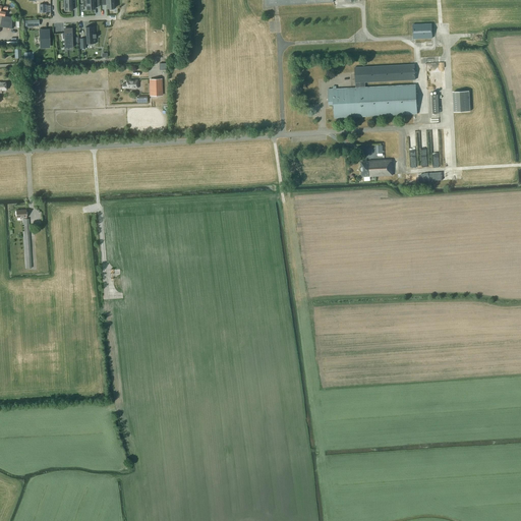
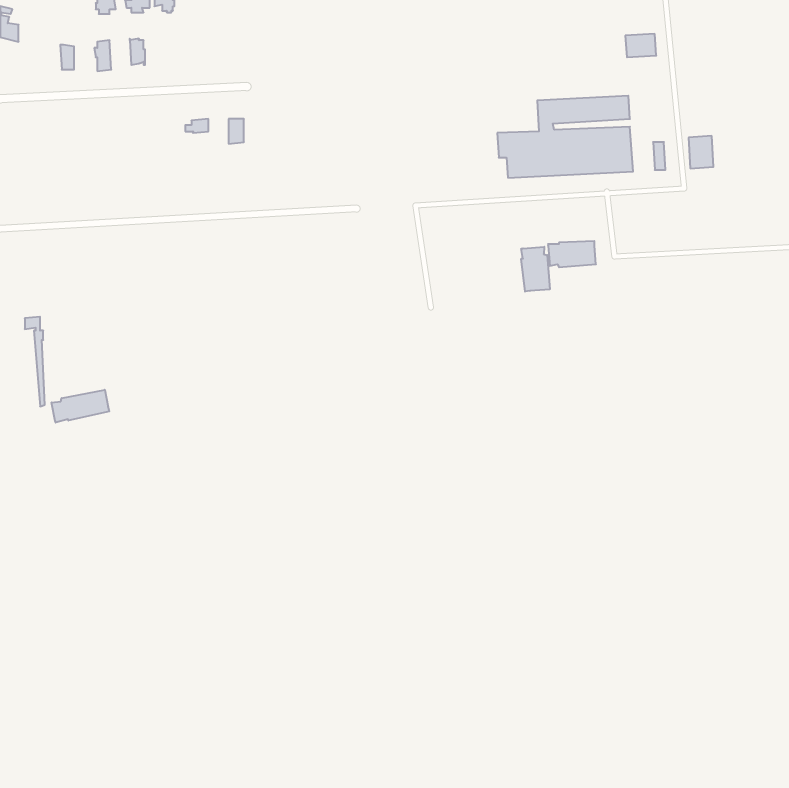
building: none -> [521,247,550,292]
building: none -> [52,390,109,423]

